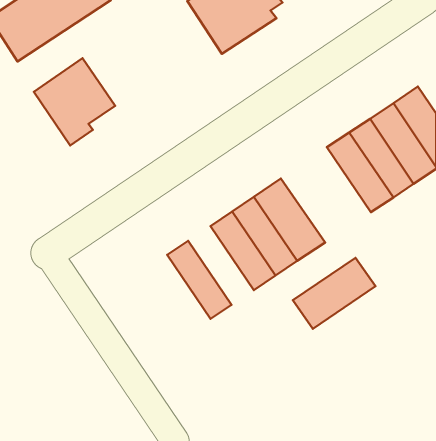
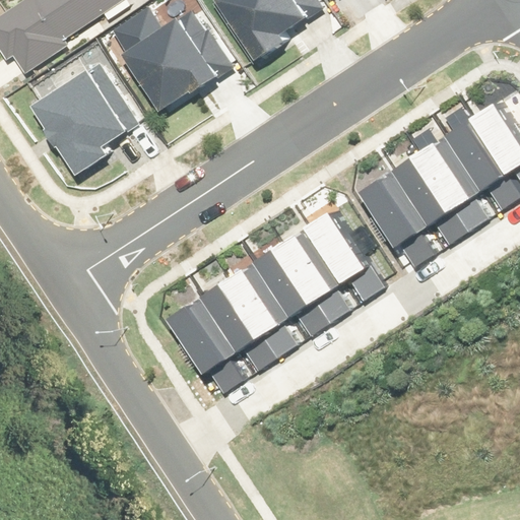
building: none -> [114,9,229,108]
building: none -> [353,173,435,269]
building: none -> [220,265,298,358]
building: none -> [165,299,247,392]
building: [293,258,376,329] -> none

